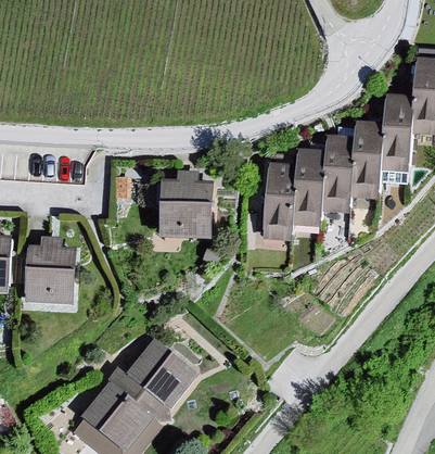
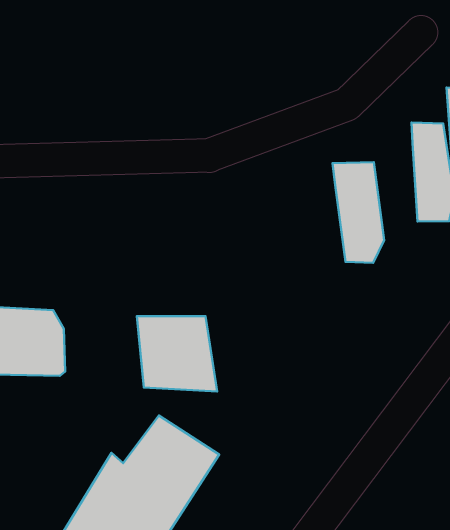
building: [329,135,362,214] -> none
building: [267,166,304,242] -> none
building: [156,177,216,240] -> [137,316,217,391]

